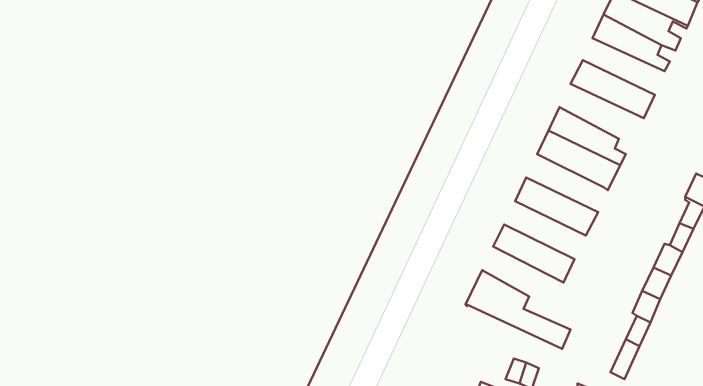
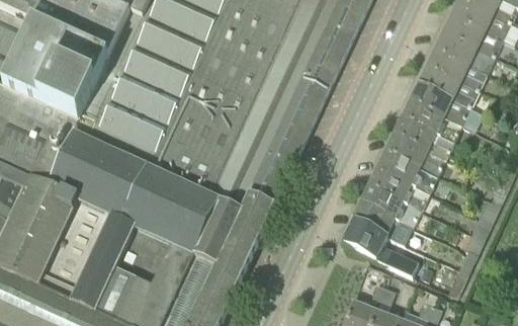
building: none -> [428,47,488,88]
building: none -> [411,80,472,125]
building: none -> [386,132,443,174]
building: none -> [370,166,430,209]
building: none -> [354,199,414,243]

